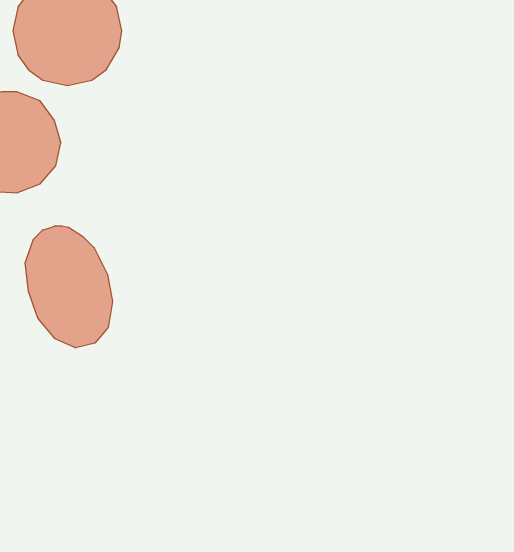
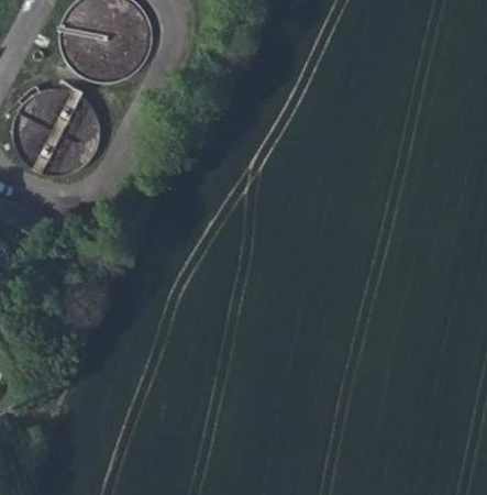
building: [25,226,113,348] -> none

